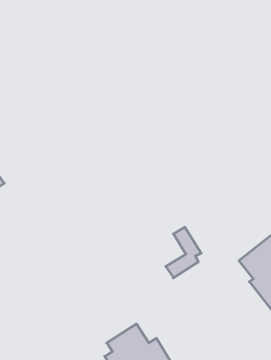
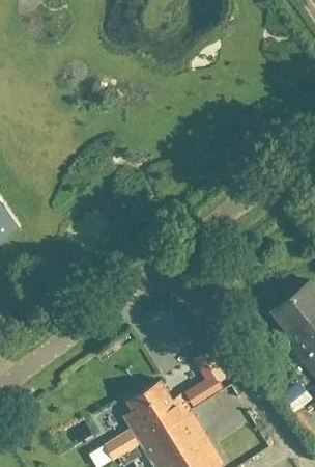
building: [166,227,201,278] -> [185,350,224,405]

